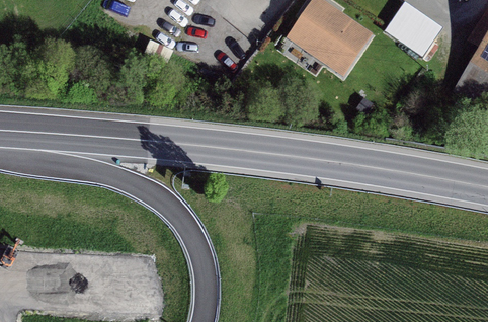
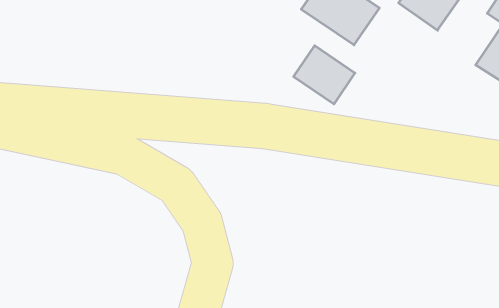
building: none -> [294,46,355,104]

